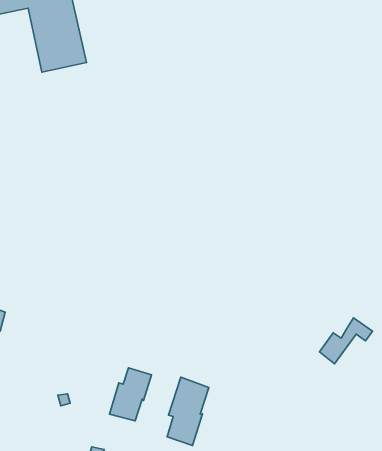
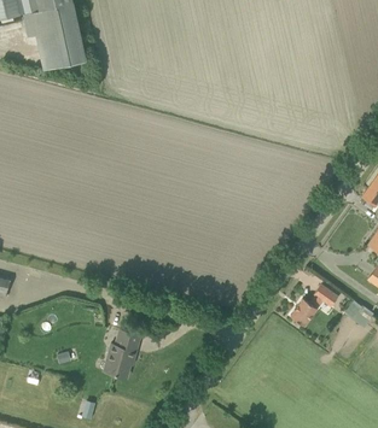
building: [167,377,209,446] -> none

